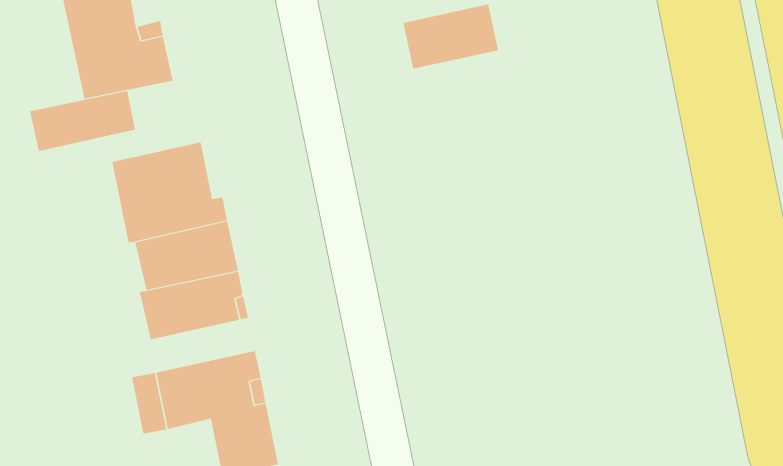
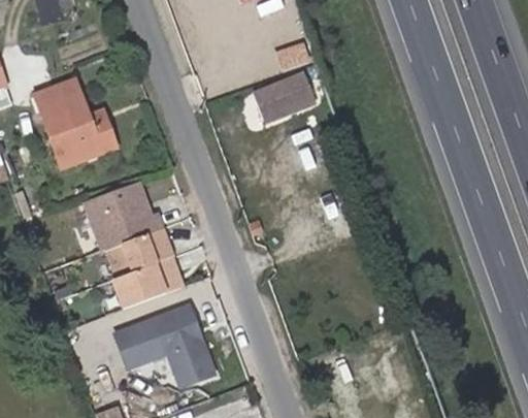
building: [30,90,136,152] -> none

